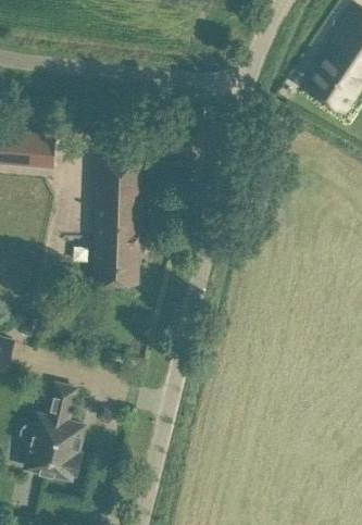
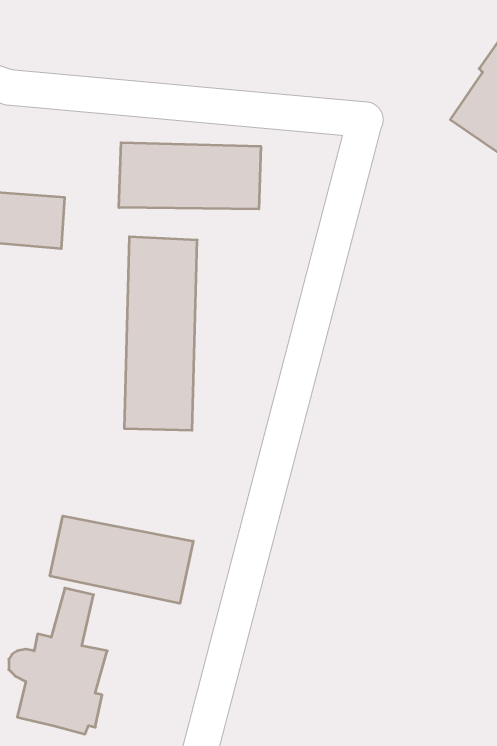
building: none -> [119,143,261,209]
building: none -> [50,516,193,603]

